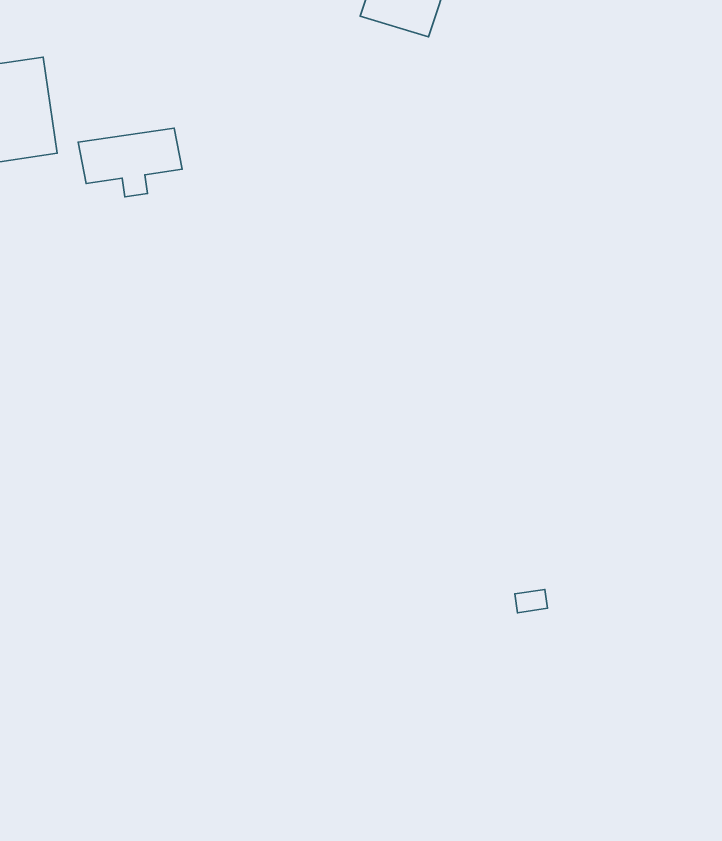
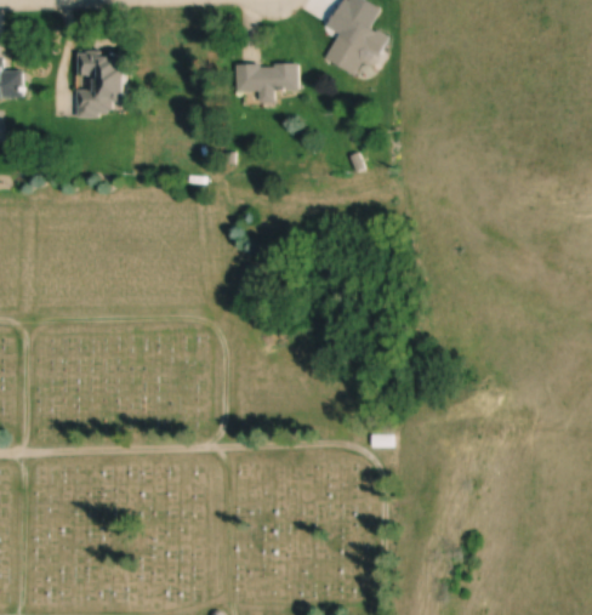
building: [78,128,182,197] -> [234,63,297,102]

